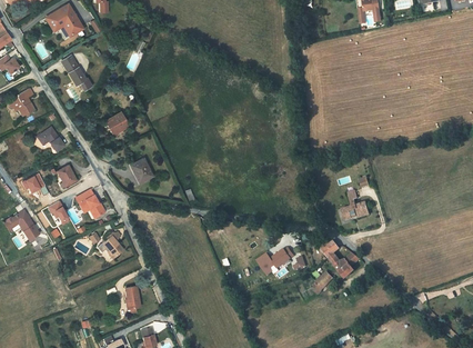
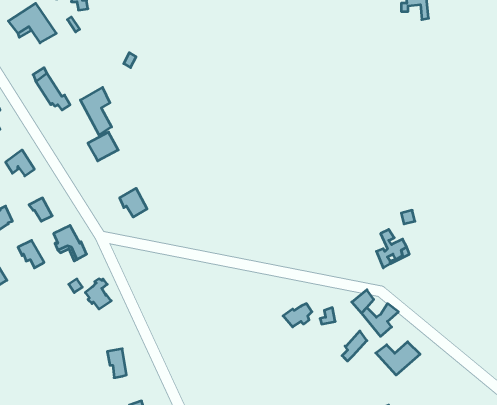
building: none -> [80,87,112,135]
building: none -> [376,342,420,375]

